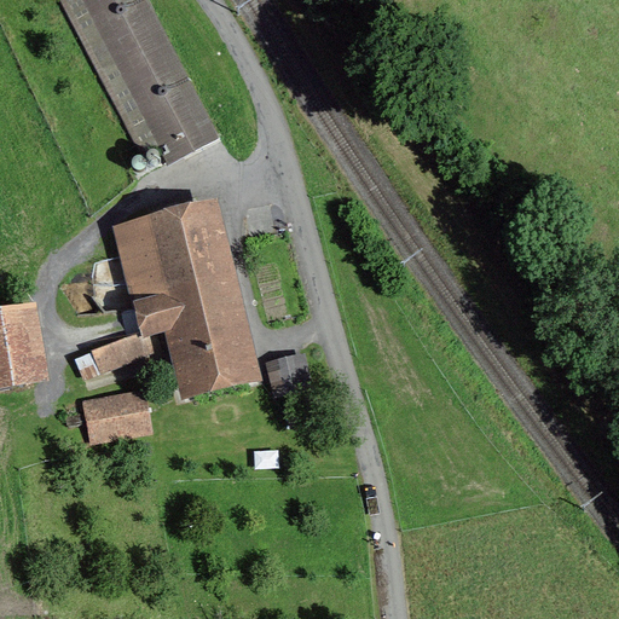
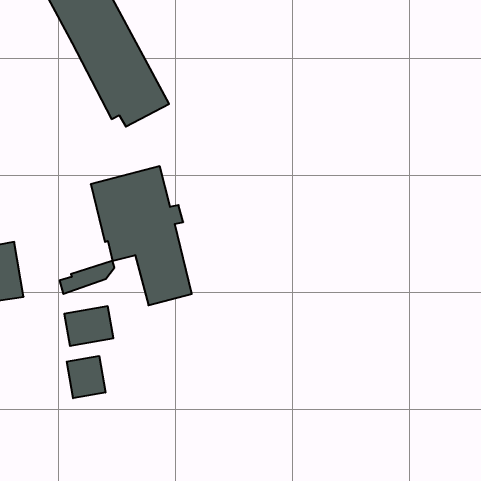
building: [266,357,308,395] -> none
building: none -> [67,356,105,398]

